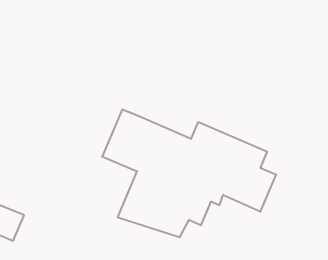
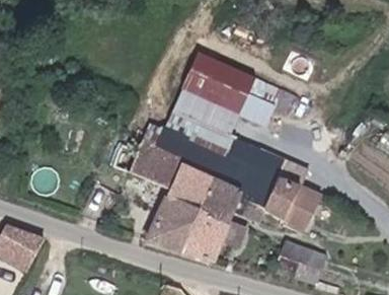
building: none -> [167,55,299,154]
building: none -> [277,242,323,282]

